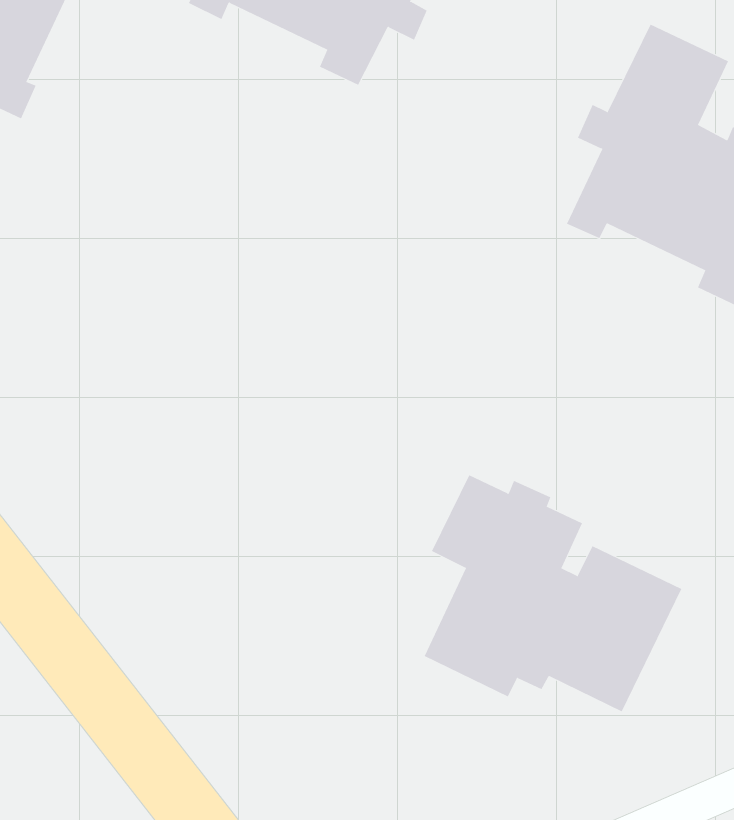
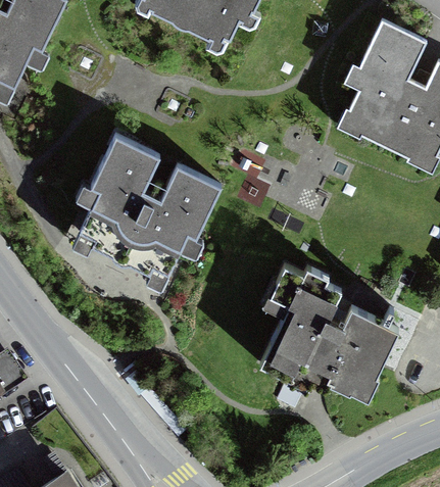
building: none -> [72,138,221,287]

